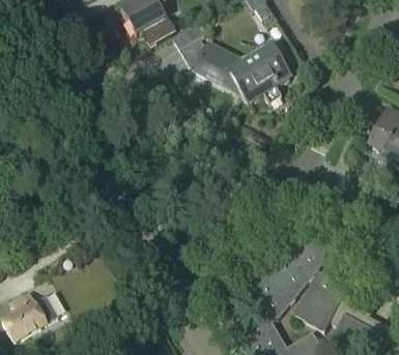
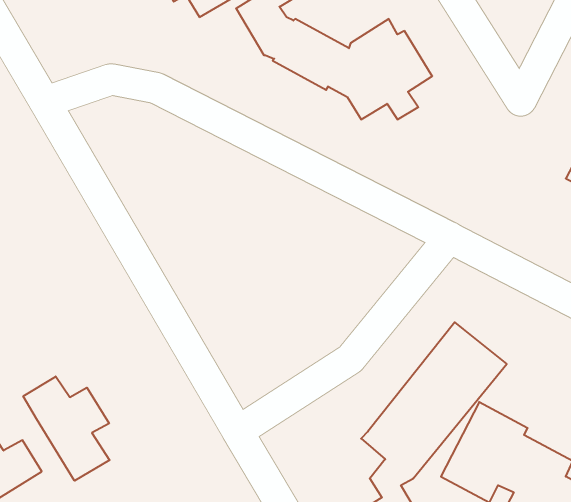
building: none -> [23,376,110,481]

